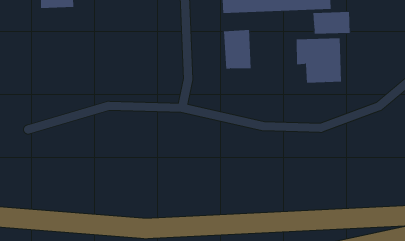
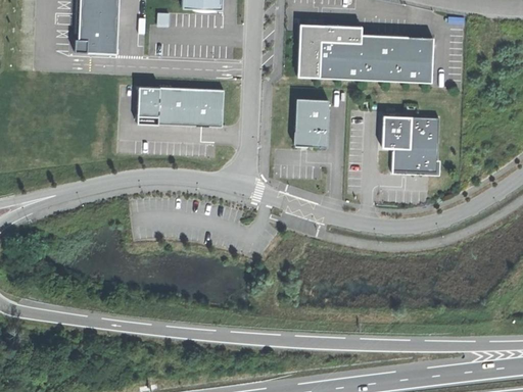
building: [313,11,350,34] -> none
building: none -> [138,86,223,127]

